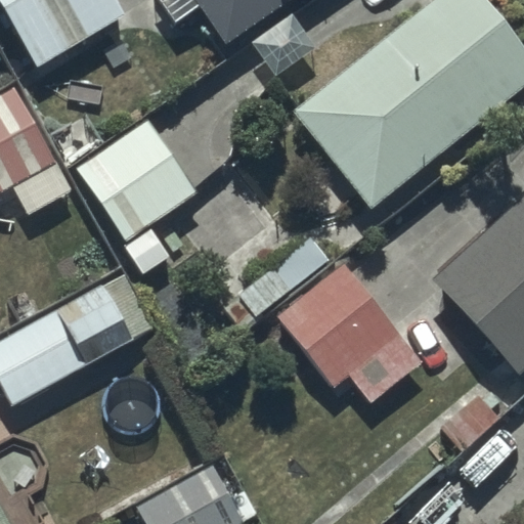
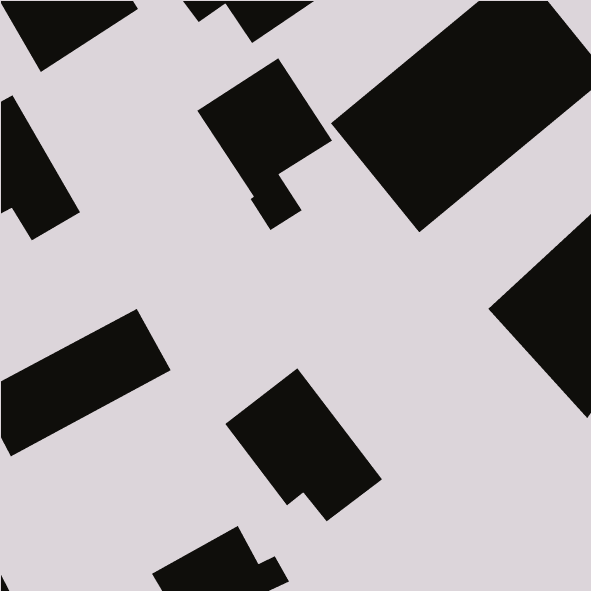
building: [76,120,196,273] -> [196,57,333,231]
building: [278,264,419,401] -> [224,367,383,523]

